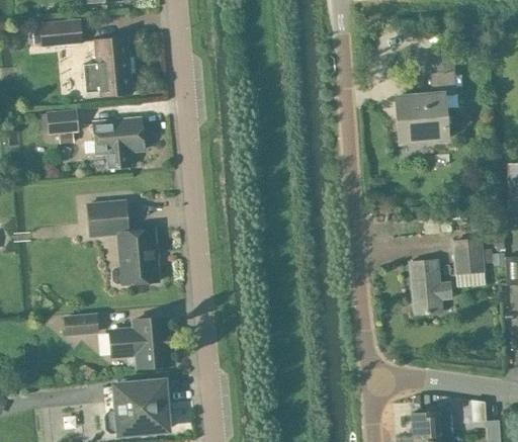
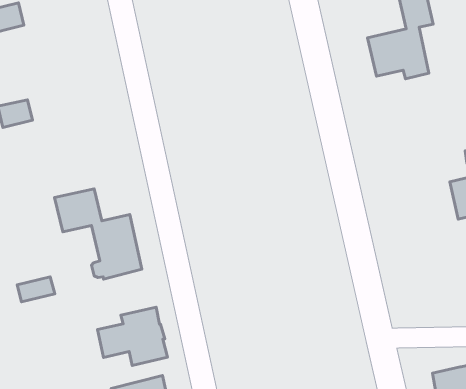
building: [83,37,133,96] -> none
building: [93,118,144,169] -> none
building: [410,260,452,315] -> none
building: [65,316,98,335] -> [17,277,55,302]

